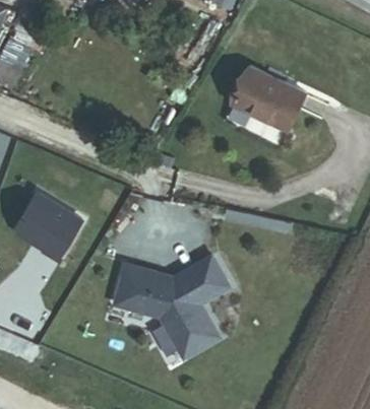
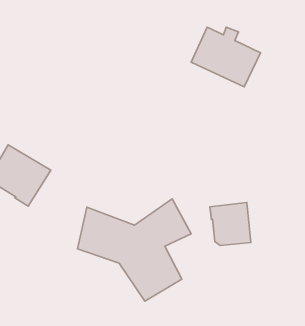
building: none -> [210,202,251,245]

